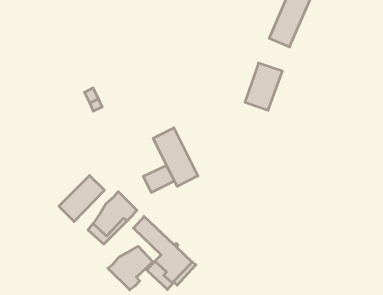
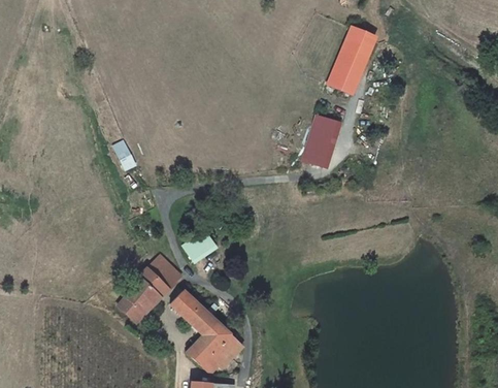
building: [153,128,198,186] -> none
building: [59,175,104,222] -> none
building: [108,246,153,290] -> none

